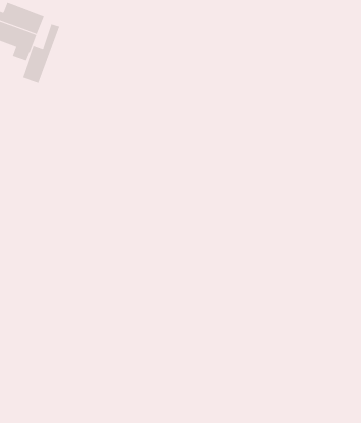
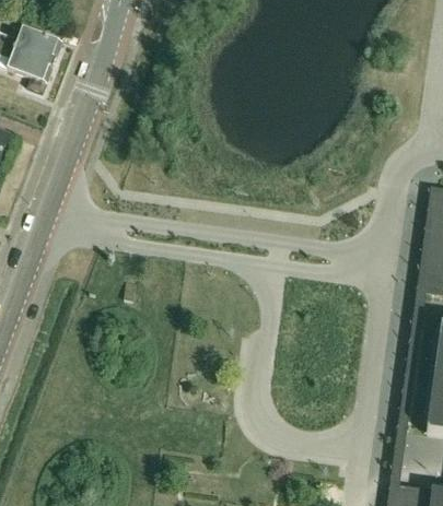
building: [22,24,60,84] -> none

